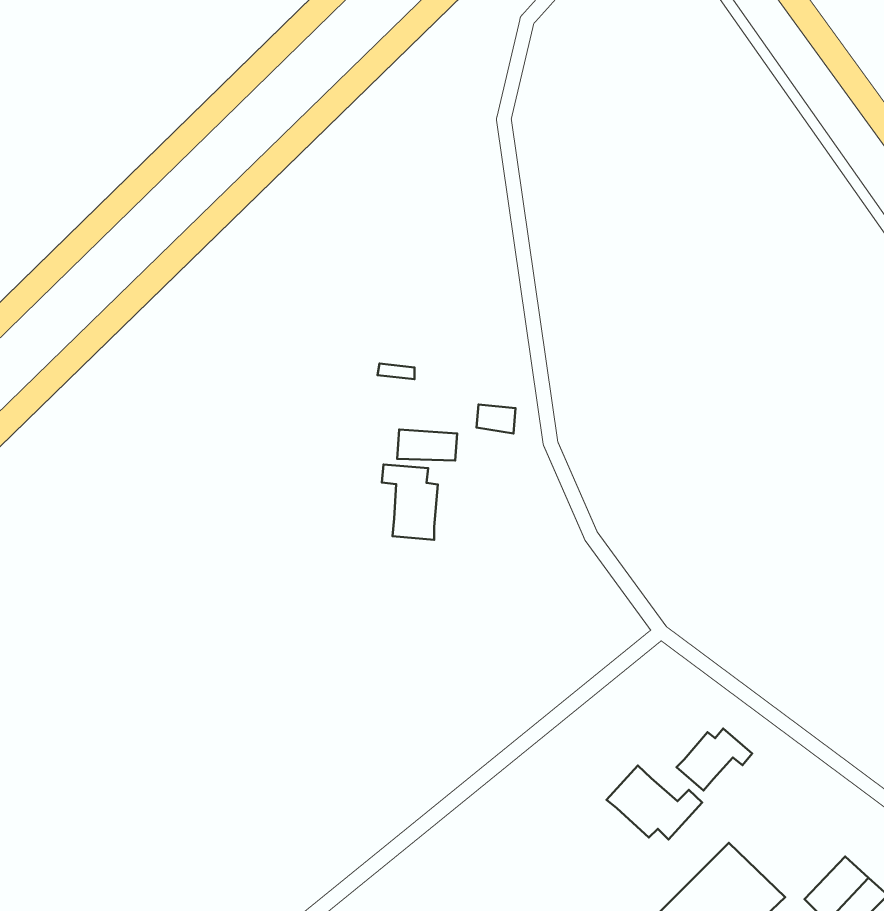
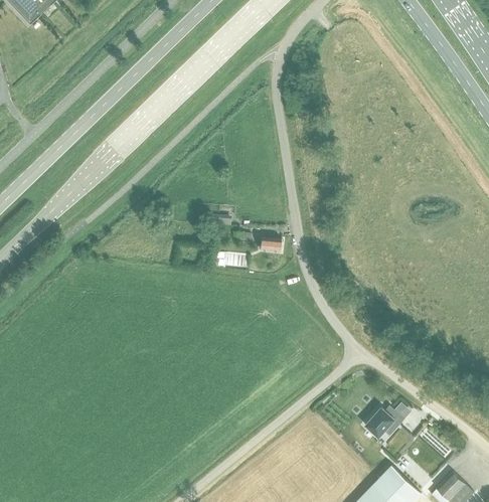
building: [382,465,438,540] -> none
building: [606,766,702,839] -> none

